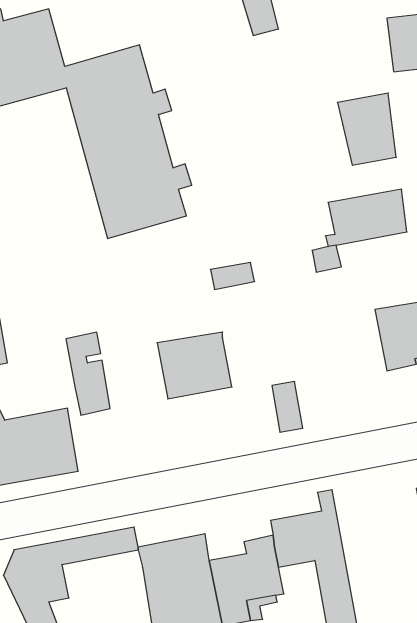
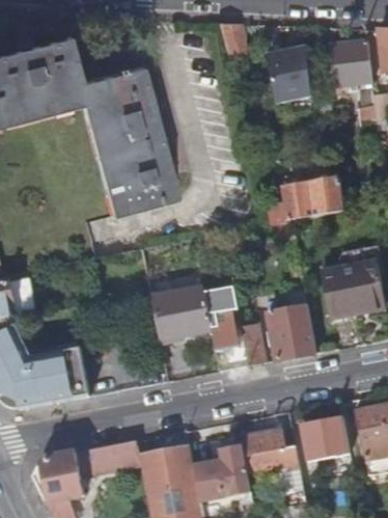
building: [337,93,396,165] -> [267,46,312,102]
building: none -> [268,281,318,360]
building: [66,332,110,415] -> [203,287,238,351]
building: none -> [302,416,349,459]

